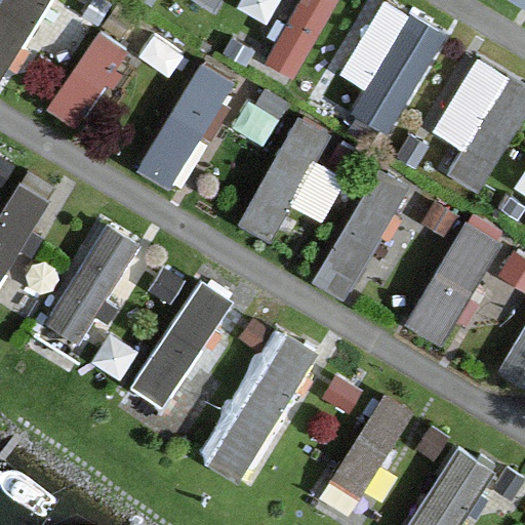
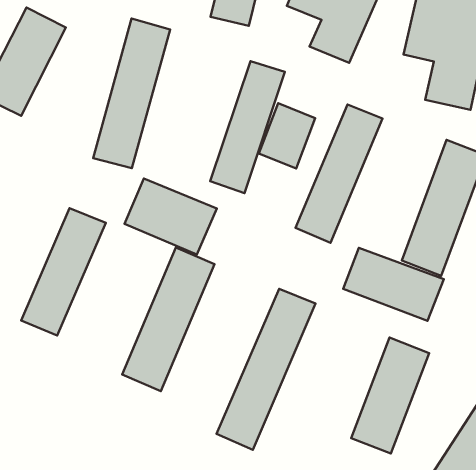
building: none -> [125,179,217,255]
building: none -> [343,248,444,321]

